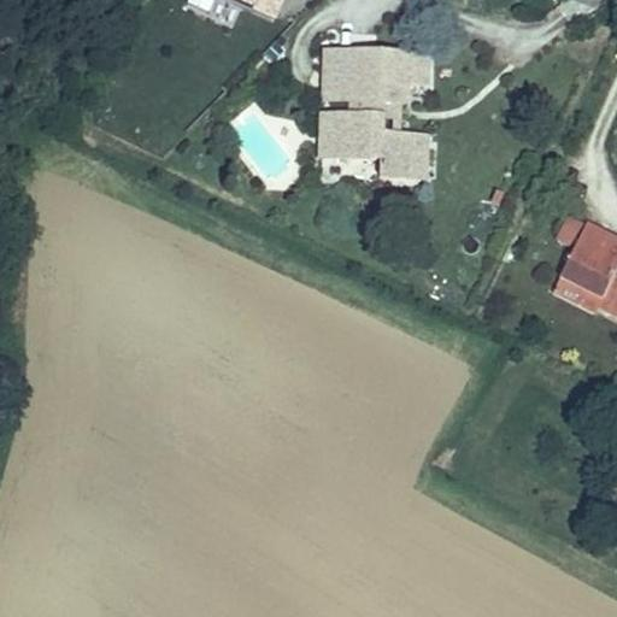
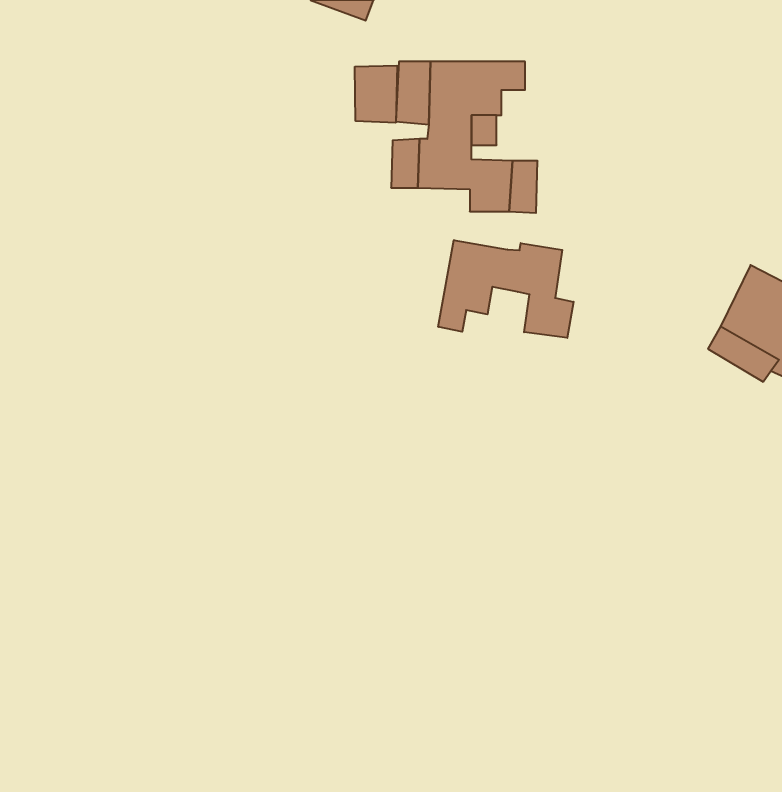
building: none -> [355,66,397,123]
building: none -> [438,240,574,338]

